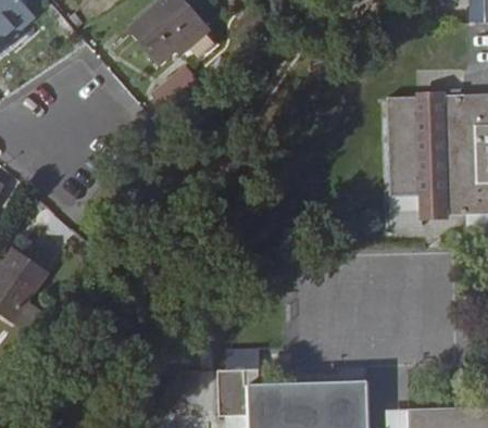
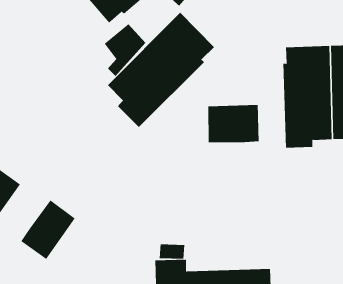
building: none -> [107,12,215,128]
building: none -> [208,104,259,143]
building: none -> [20,199,75,260]

